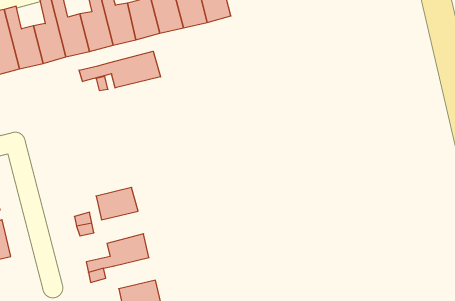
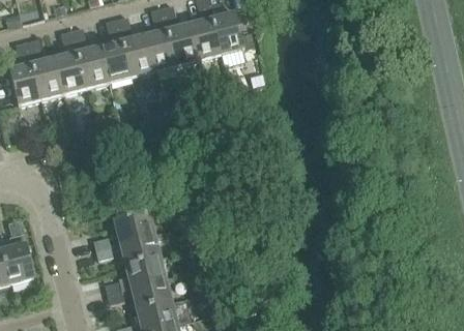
building: [79,51,161,88] -> none
building: none -> [120,235,161,266]
building: none -> [132,279,172,309]

